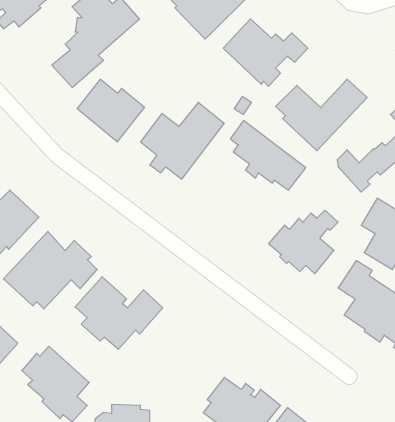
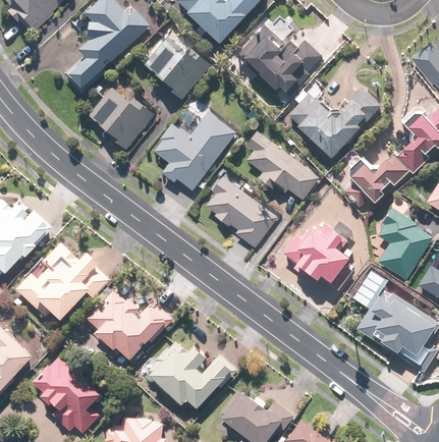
building: none -> [144,34,213,99]
building: none -> [209,177,280,247]
building: none -> [146,340,238,411]

